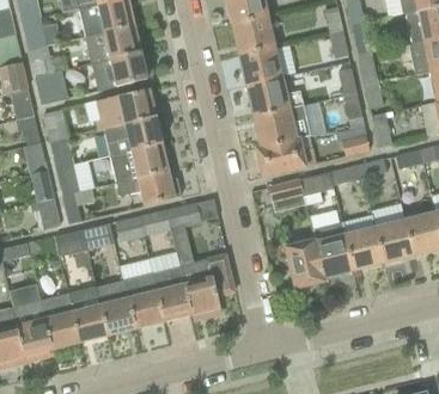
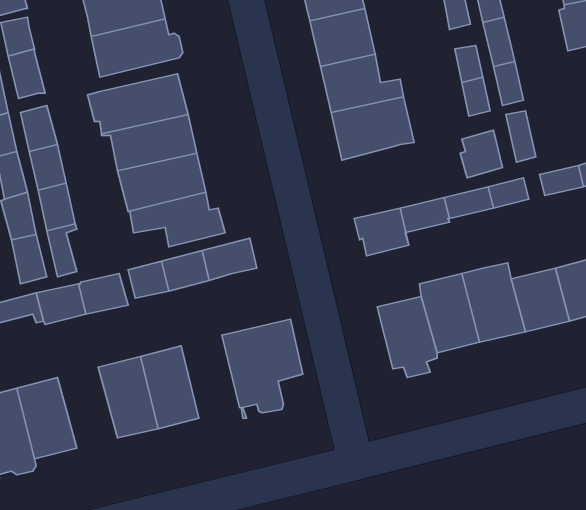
building: [255,134,316,176] -> none
building: [151,264,190,320] -> none
building: [67,285,108,340] -> none

